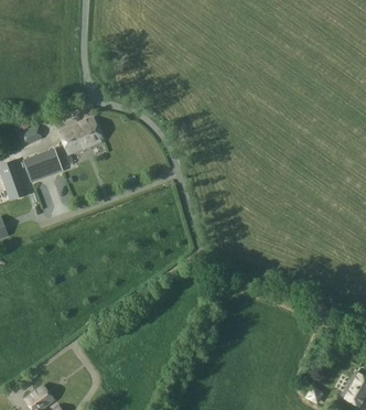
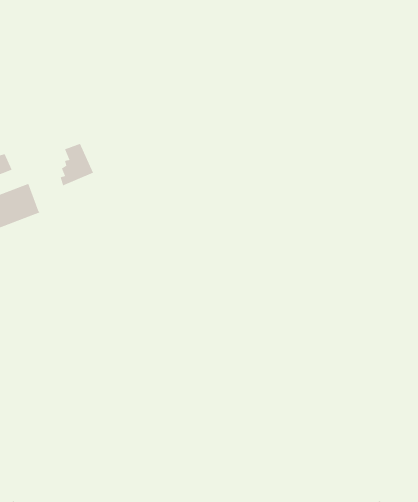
building: [61,122,85,154] -> none

